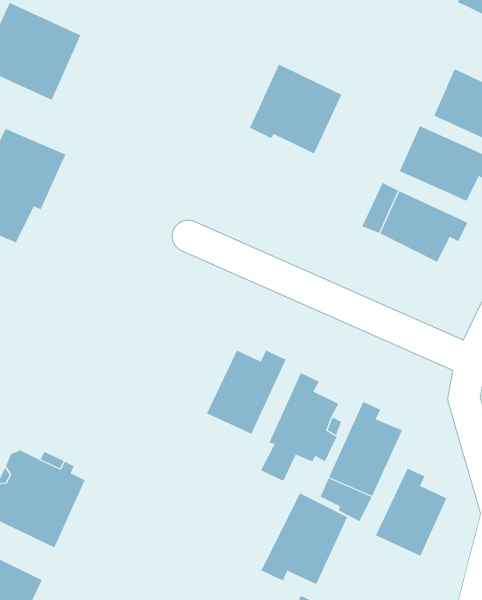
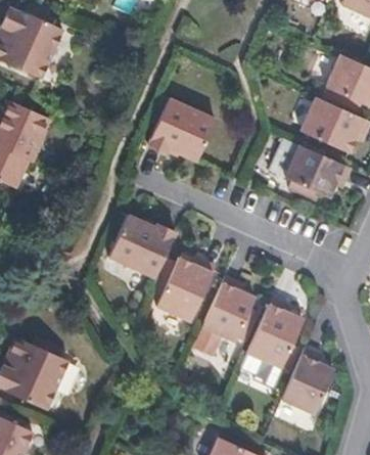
building: [249,64,342,154] -> [148,96,217,163]
building: none -> [109,217,176,281]
building: [260,492,348,585] -> none

